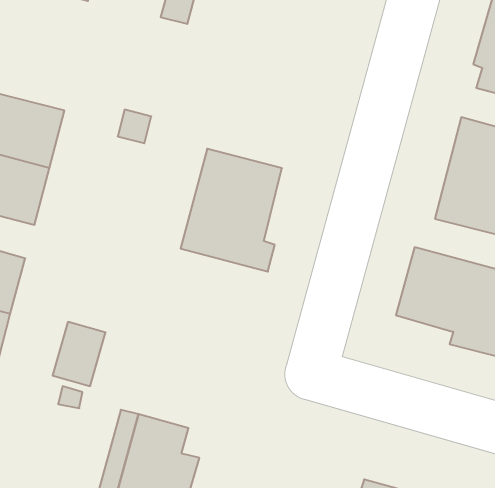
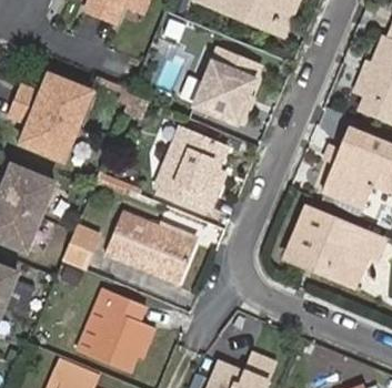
building: none -> [195,47,262,123]
building: none -> [105,212,195,283]

